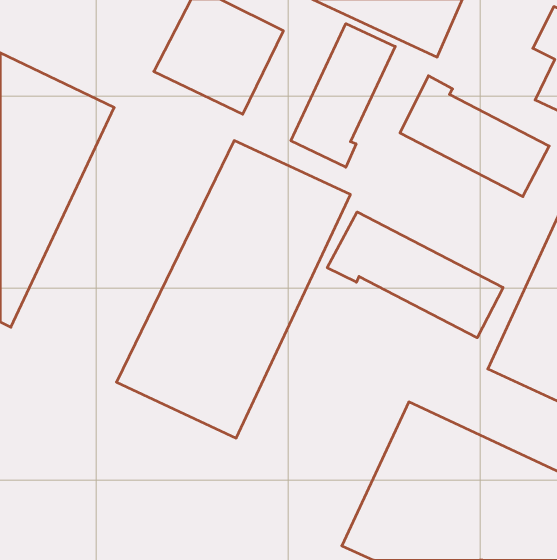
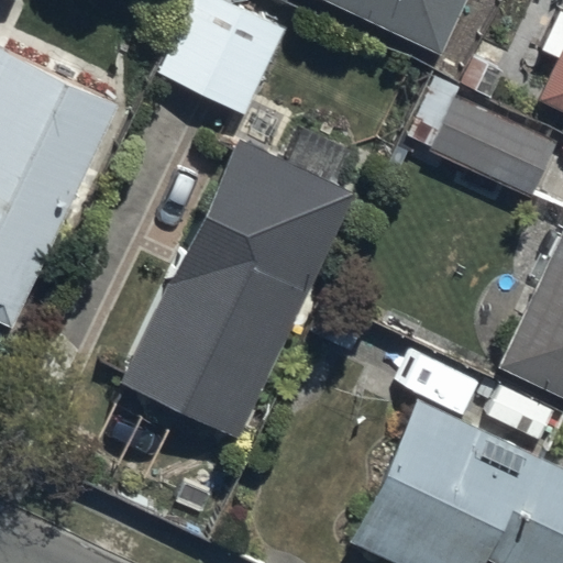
building: [291,24,395,167] -> none
building: [327,212,503,338] -> none

